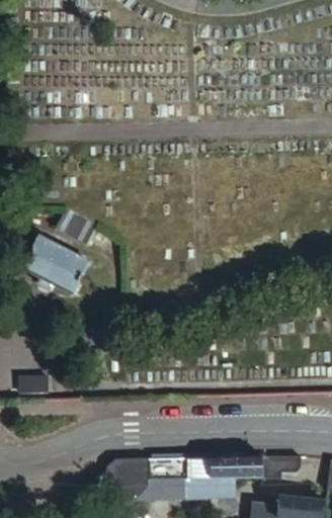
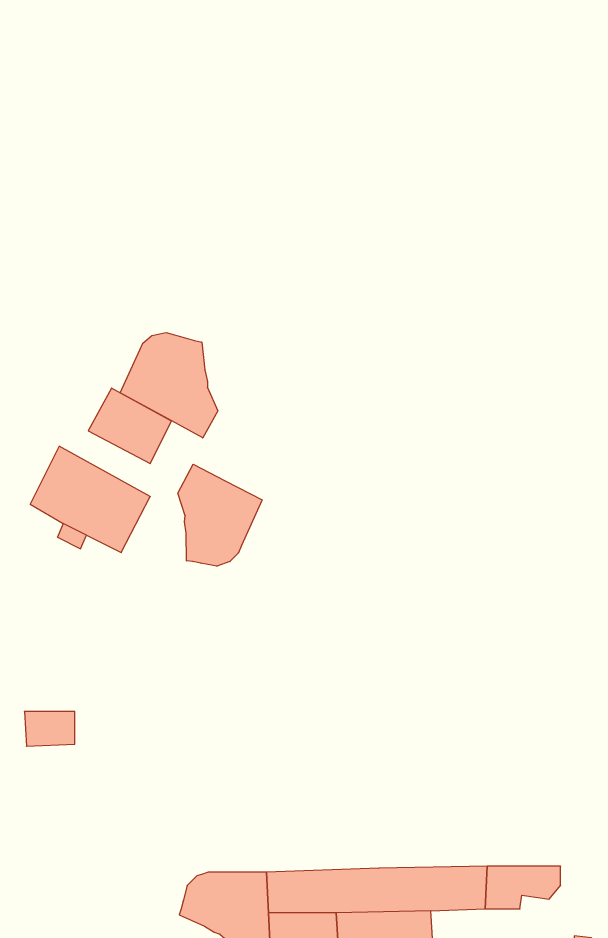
building: none -> [120,333,218,438]
building: none -> [178,464,262,566]

